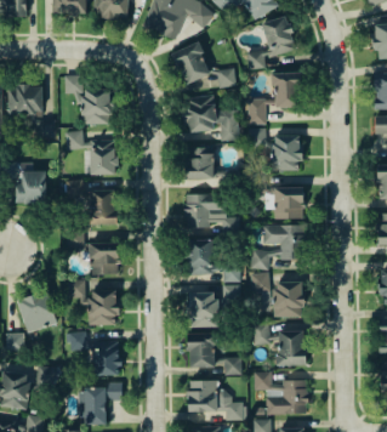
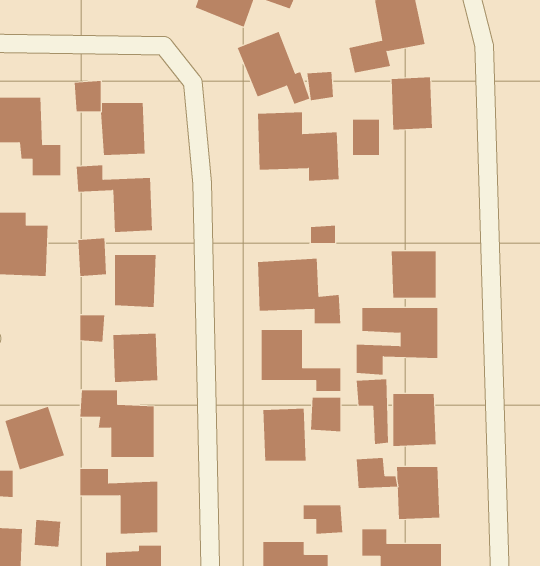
building: [249,127,301,170] -> none
building: [186,147,214,178] -> none
building: [187,332,215,366] -> none

